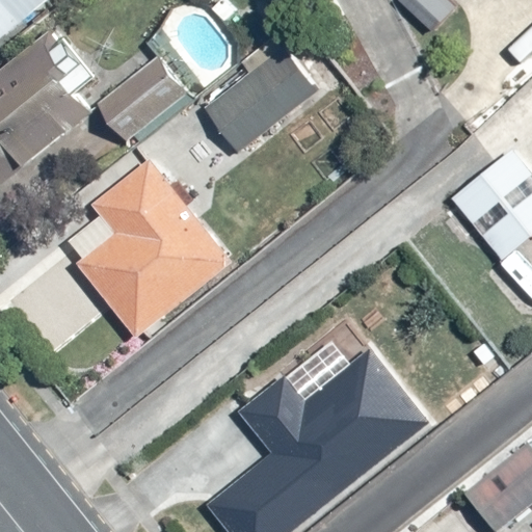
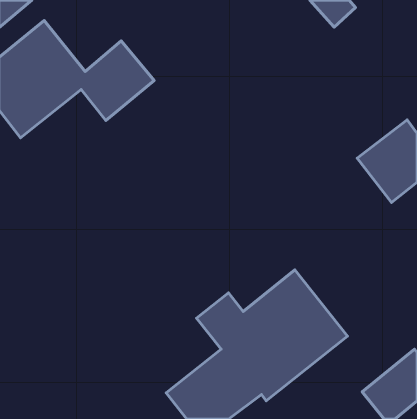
building: [201,37,314,153] -> none
building: [66,144,232,339] -> none

